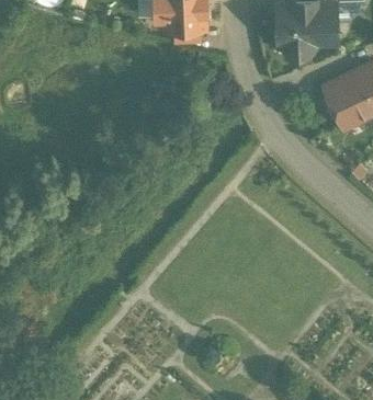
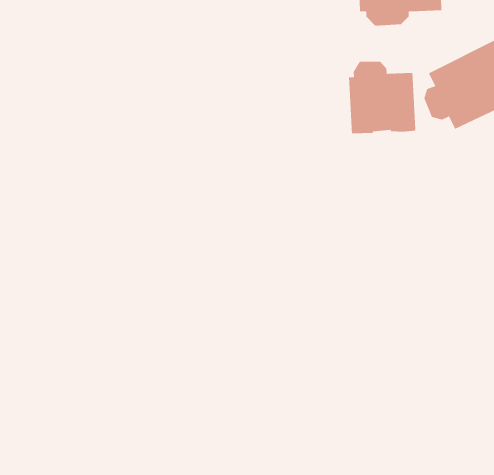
building: none -> [349,61,416,134]

